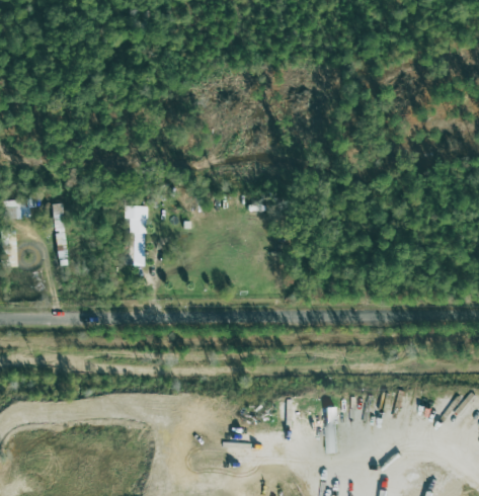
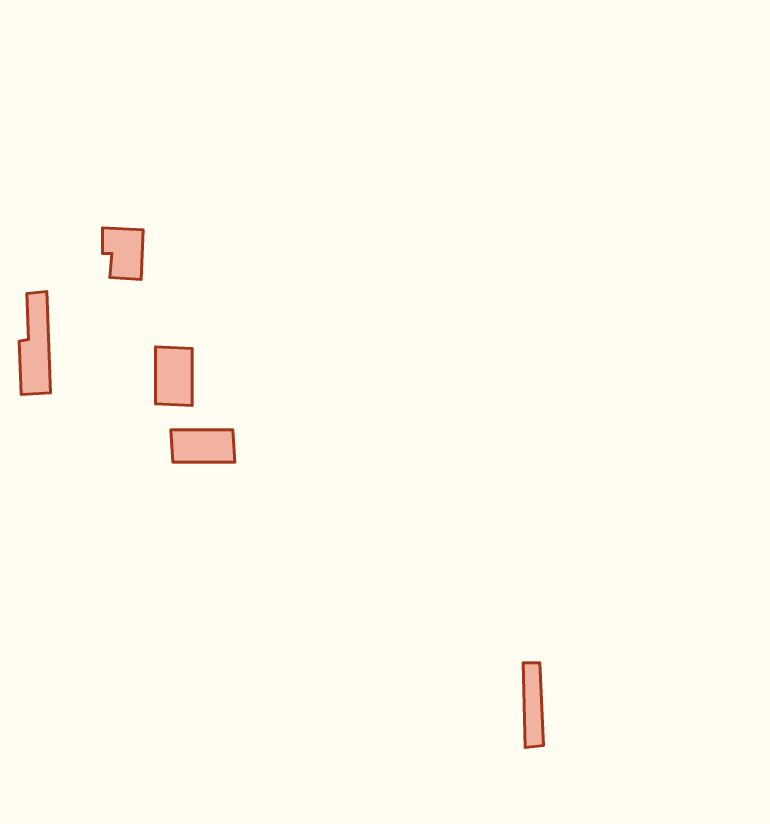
building: [125,204,147,233] -> [103,228,143,279]
building: none -> [171,430,235,462]

